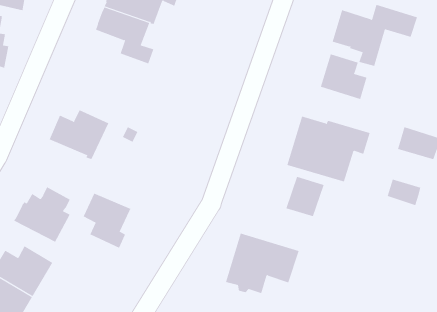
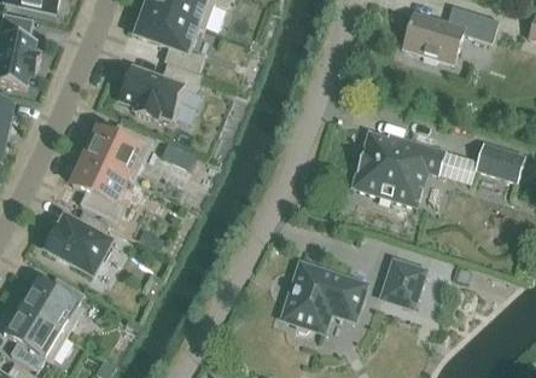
building: [320,54,367,100] -> none
building: none -> [120,63,200,121]
building: [286,176,324,217] -> [381,261,425,307]
building: [387,179,421,206] -> [439,151,478,181]
building: [83,193,131,249] -> [72,158,127,221]

